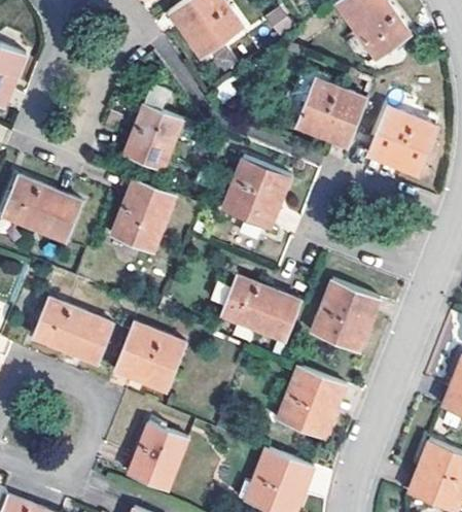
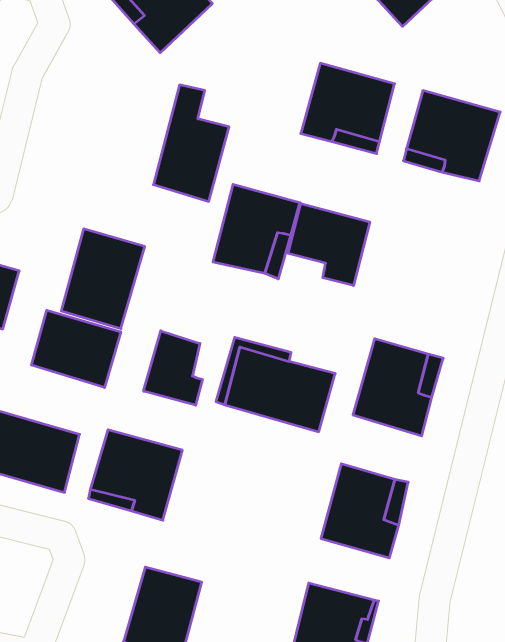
building: [125,87,183,172] -> [153,85,229,201]
building: none -> [288,203,370,286]
building: none -> [31,310,121,388]
building: none -> [144,331,202,405]

